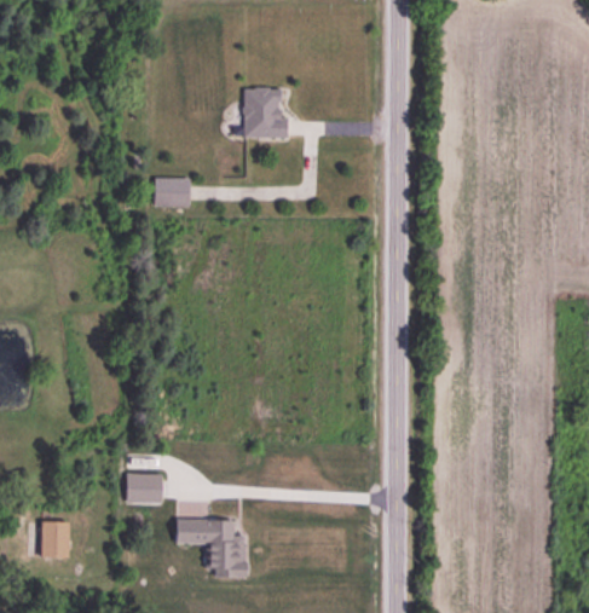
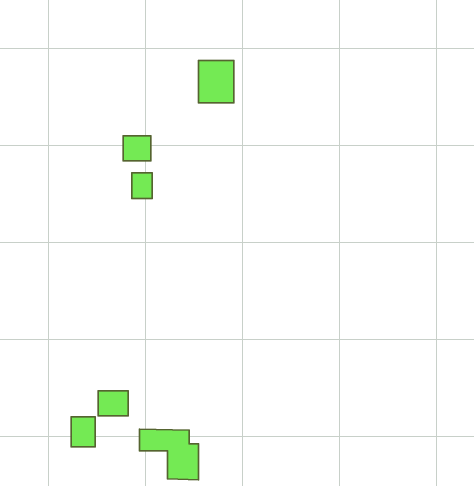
building: none -> [132,173,152,199]
building: [41,522,69,557] -> [71,417,95,447]

